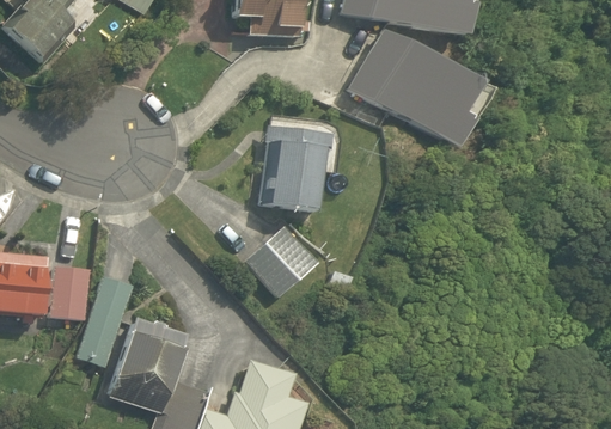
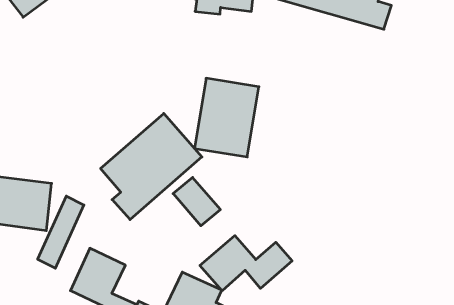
building: [348,30,495,151] -> none
building: none -> [101,113,202,220]
building: none -> [200,236,292,291]

